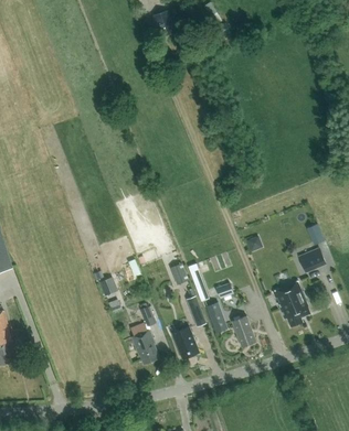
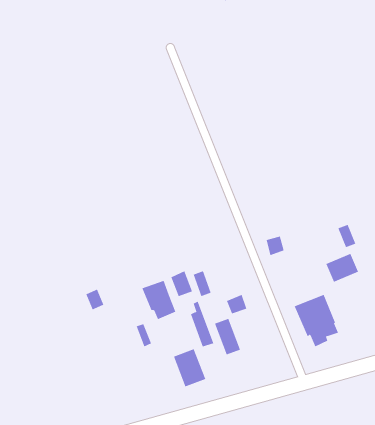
building: [232,315,256,348] -> none
building: [131,331,160,364] -> [142,280,176,320]

